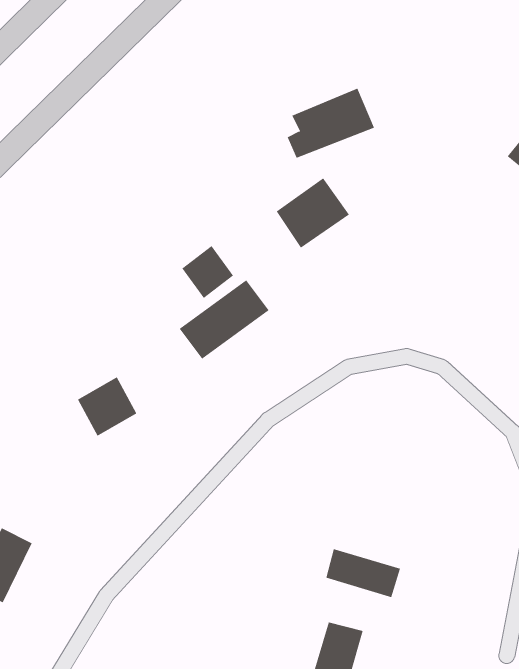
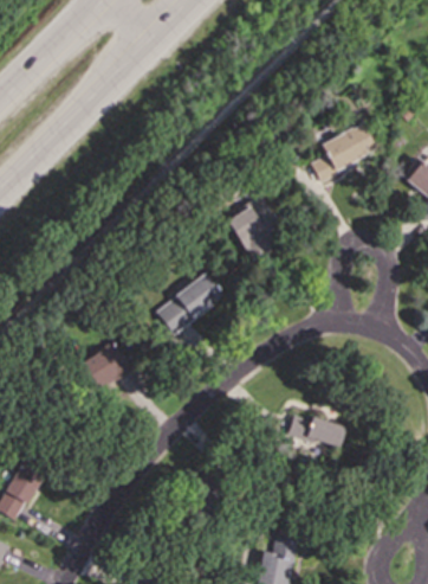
building: [287,88,375,159] -> [311,123,378,178]
building: [182,245,234,299] -> none
building: [325,549,401,598] -> [288,411,346,449]

